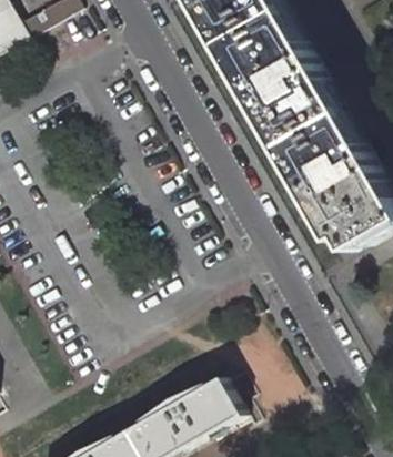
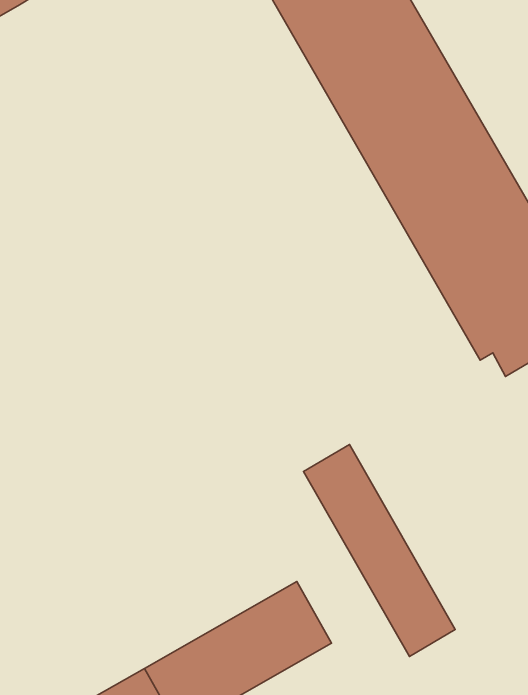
building: none -> [304,444,455,656]

